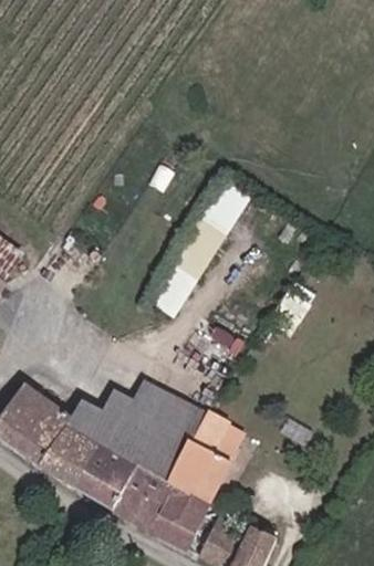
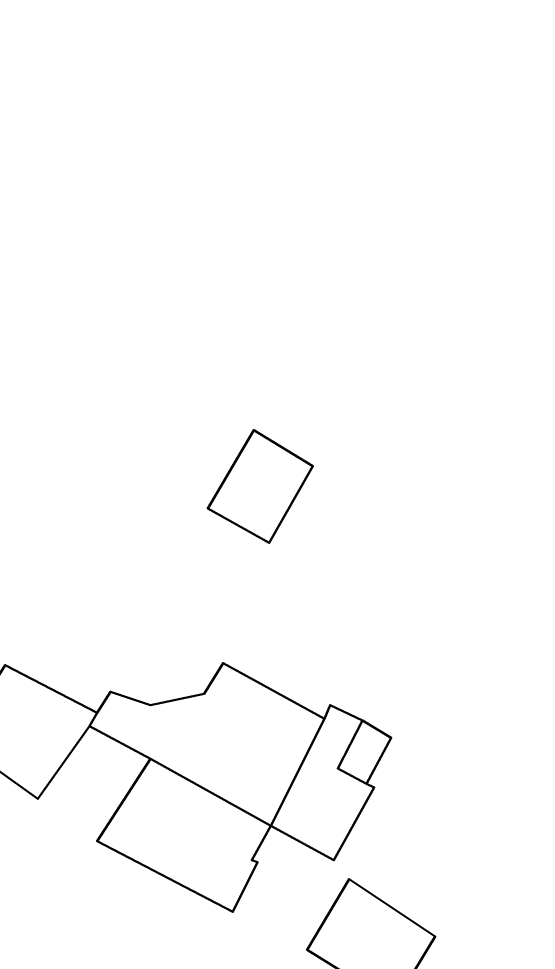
building: [41,421,106,488] -> none
building: [154,479,212,546] -> none

